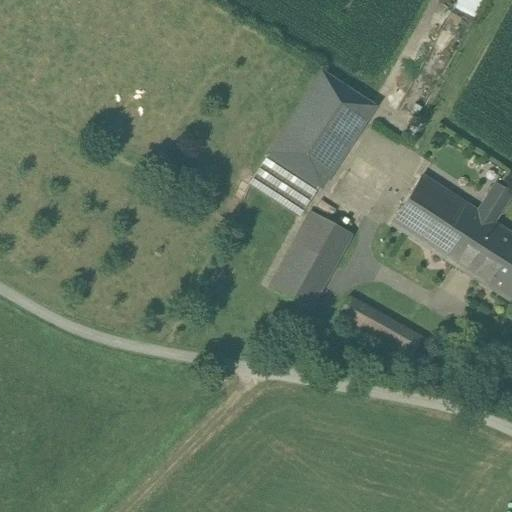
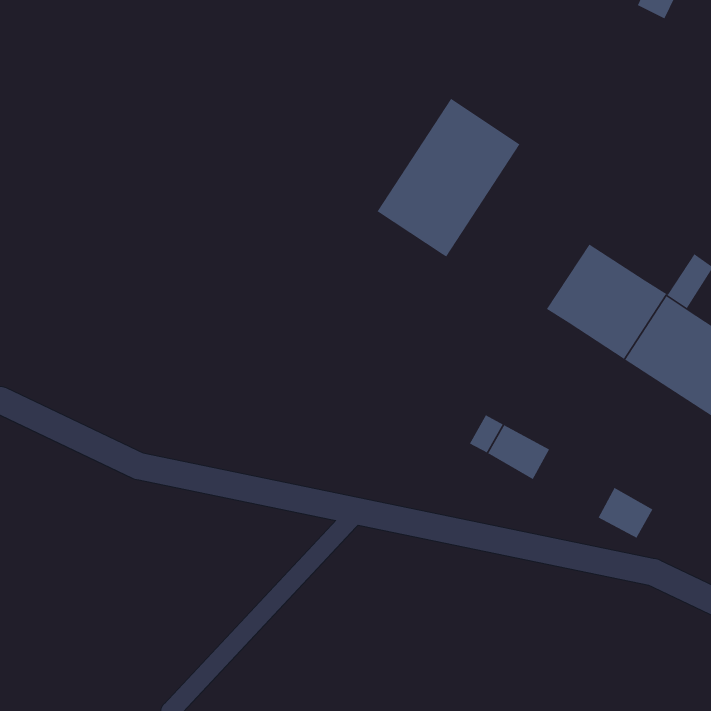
building: [252,151,319,212] -> none
building: [271,210,353,309] -> none
building: [384,321,424,358] -> [597,487,653,539]

